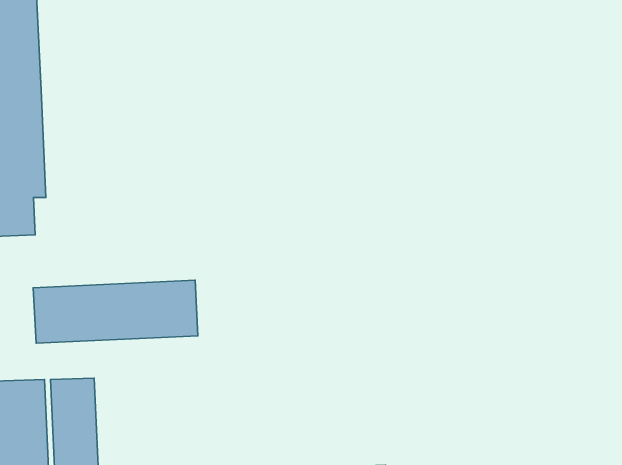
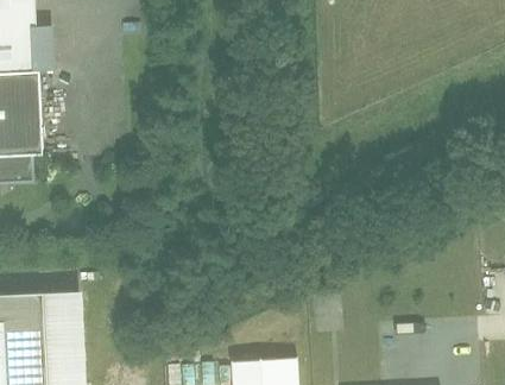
building: [33,280,198,343] -> none

